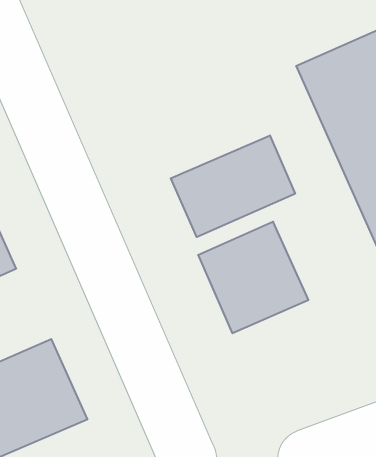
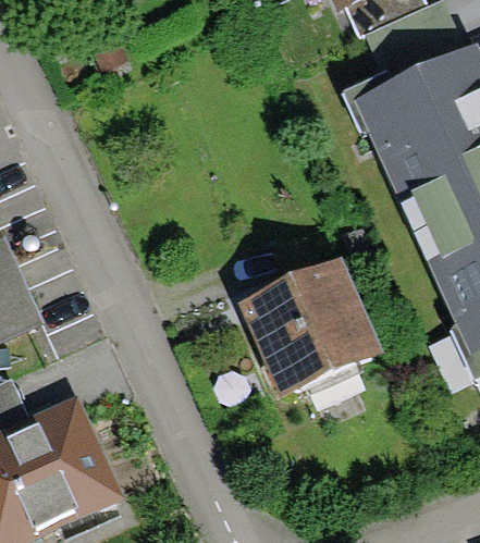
building: [171,135,295,237] -> none

